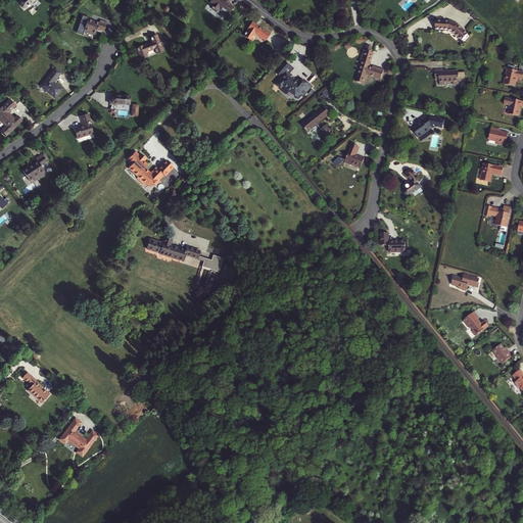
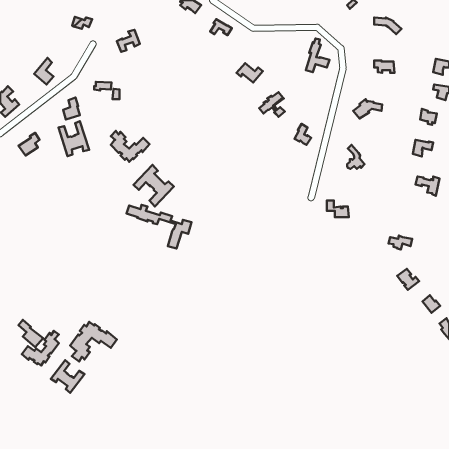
building: none -> [59,121,89,156]
building: none -> [133,165,174,206]
building: none -> [70,322,117,361]
building: none -> [22,331,59,365]

